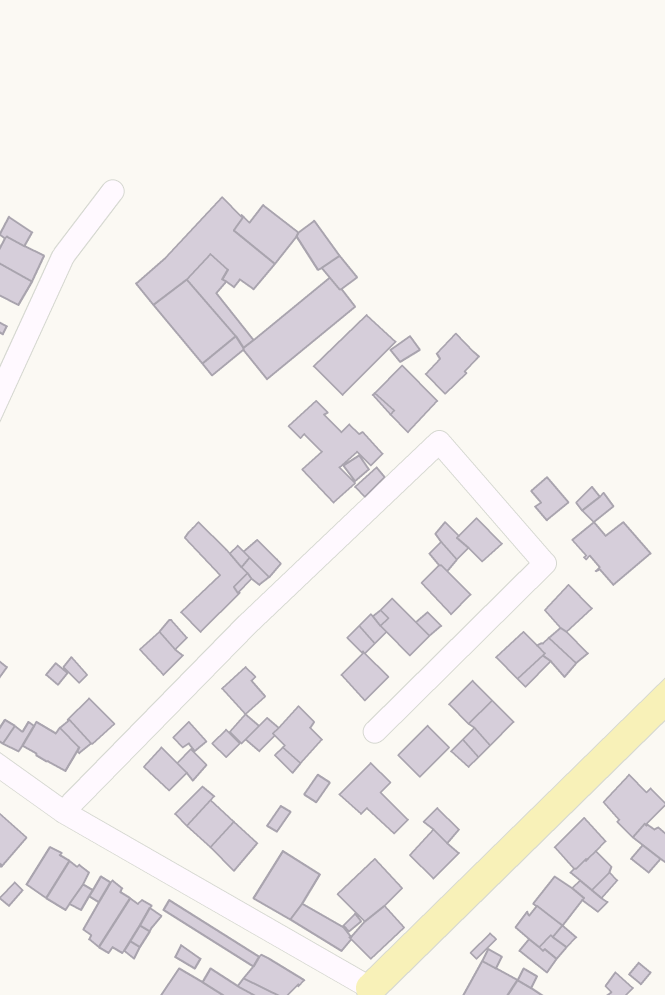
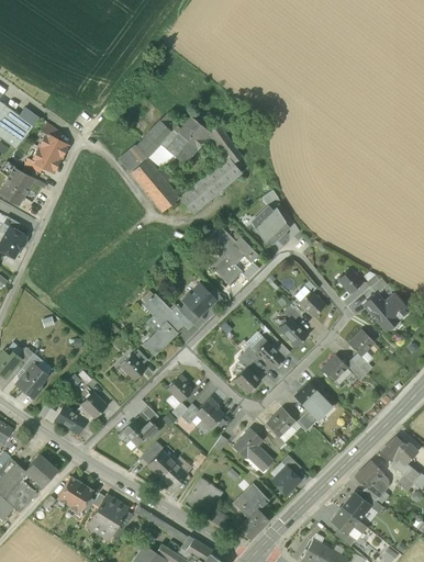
building: [314,315,396,395] -> none
building: [426,334,479,394] -> none
building: none -> [183,285,214,315]

